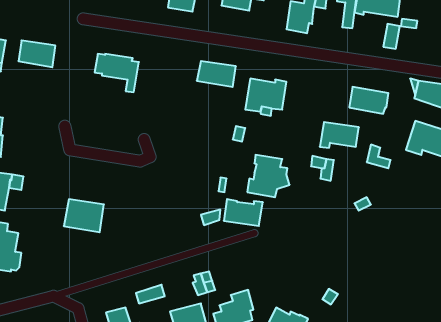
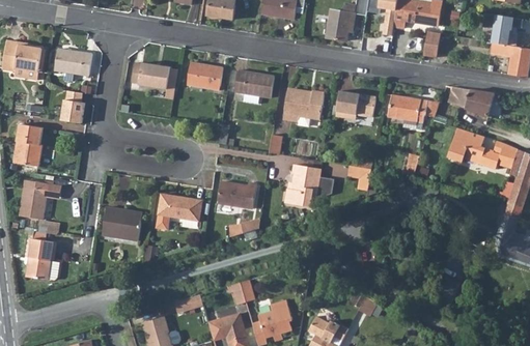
building: none -> [189,62,224,89]
building: none -> [59,92,84,124]
building: [320,122,359,148] -> [338,90,378,116]
building: none -> [157,194,202,230]
building: [224,199,263,226] -> [218,181,257,208]

